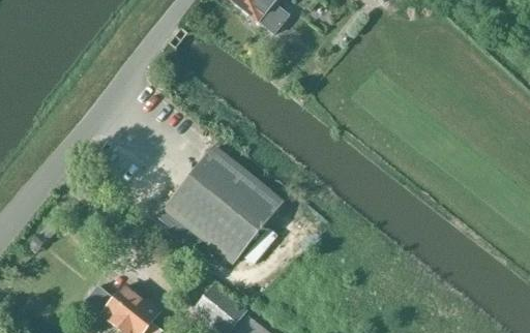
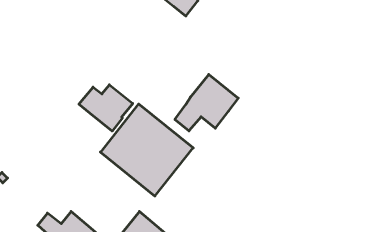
building: none -> [175,74,238,131]
building: none -> [79,85,133,131]

